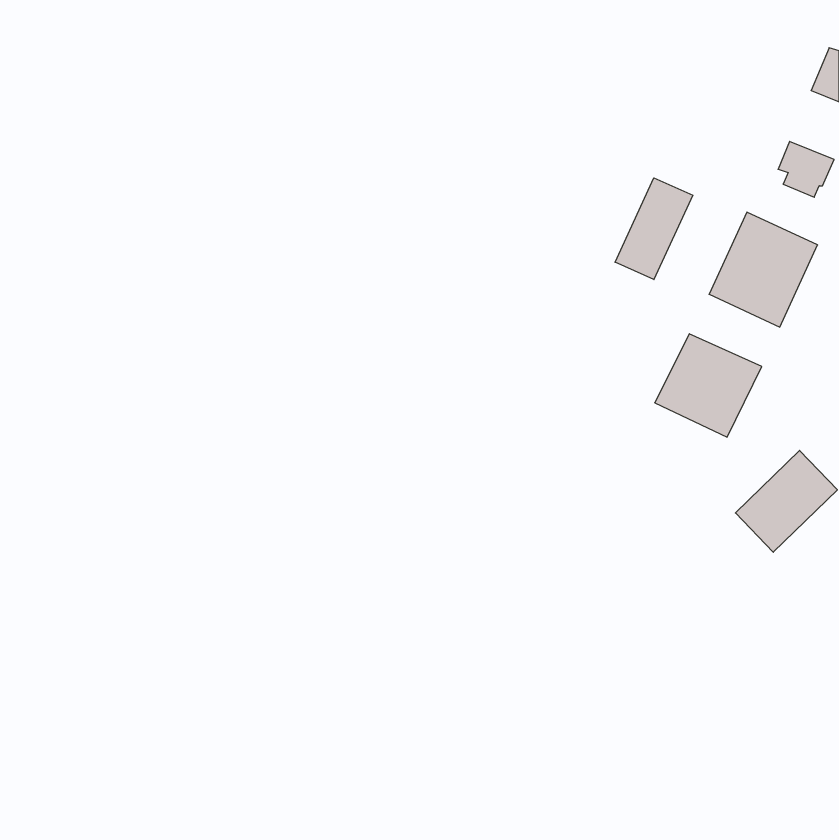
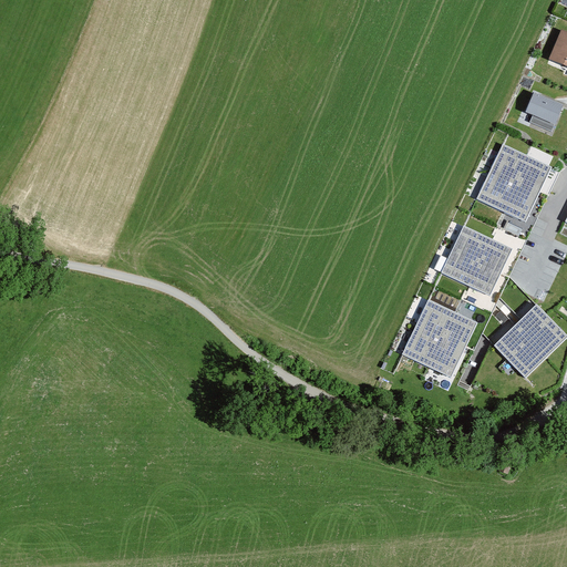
building: [615,178,693,280] -> none
building: none -> [403,299,476,377]

